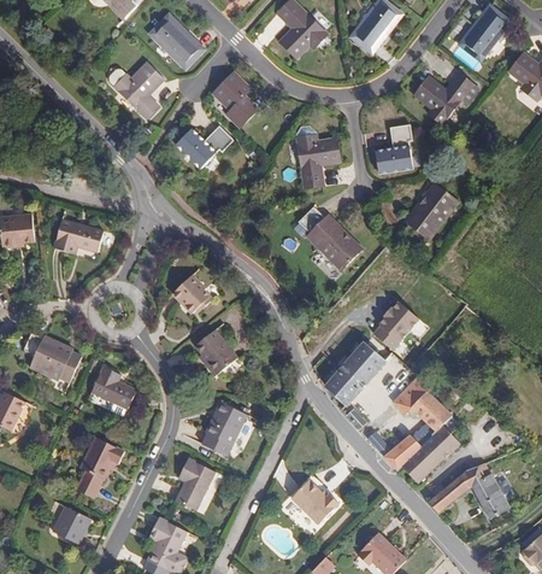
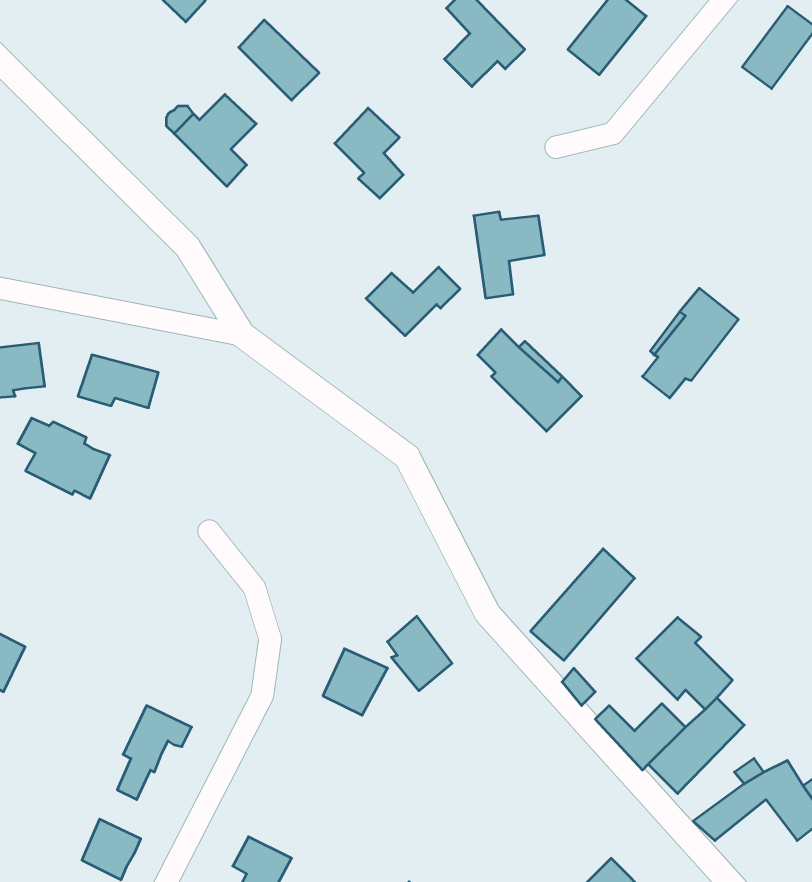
building: [413,72,472,123] -> none
building: [375,123,412,171] -> none
building: [173,125,231,168] -> [366,267,460,336]
building: [176,277,211,314] -> none
building: [371,300,420,351] -> none
building: [194,330,234,376] -> [387,616,452,691]
building: [23,333,79,382] -> [18,418,110,498]
building: [89,367,134,409] -> none
building: [176,458,213,509] -> none
building: [293,480,341,525] -> none

